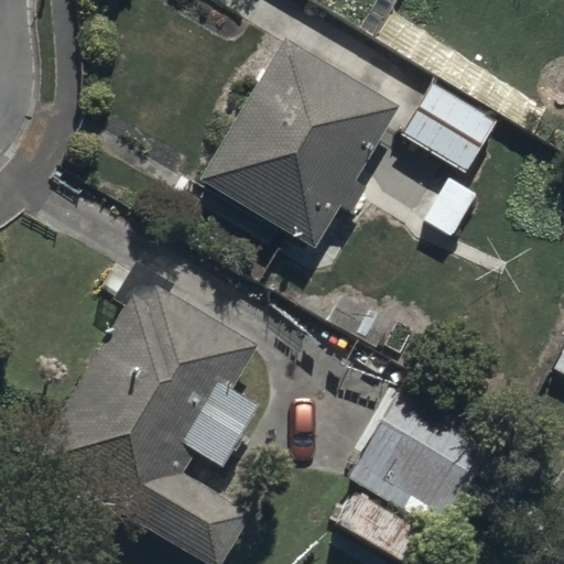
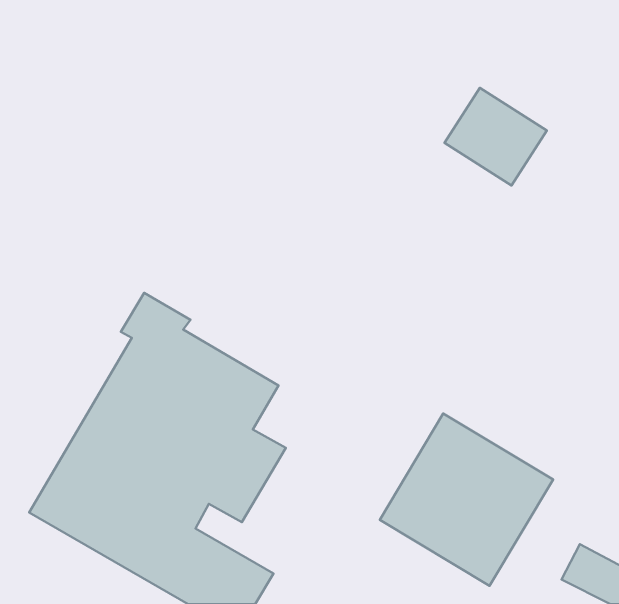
building: [200,37,403,250] -> none

